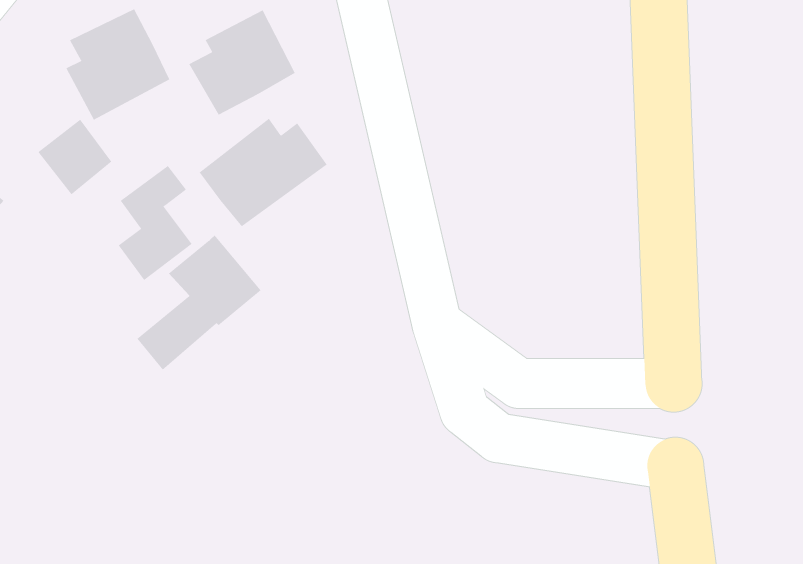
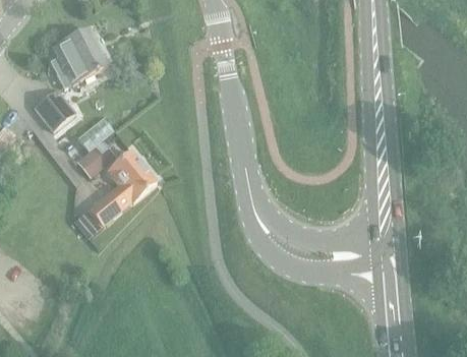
building: [188,10,296,115] -> none
building: [199,118,328,227] -> none

